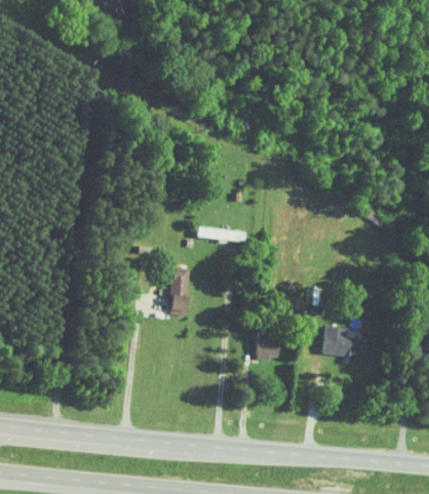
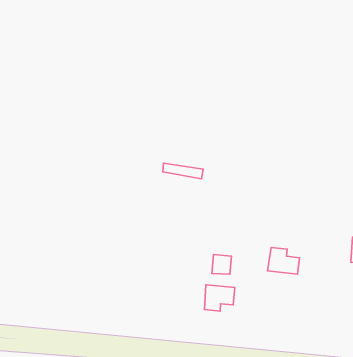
building: [167,269,189,312] -> none
building: none -> [204,285,235,311]

